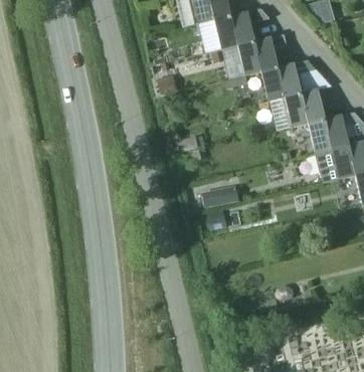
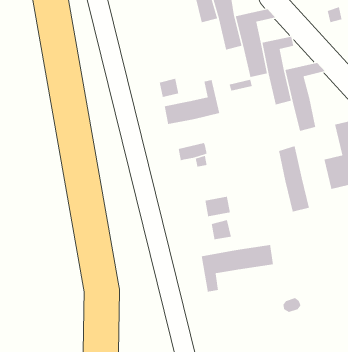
building: none -> [164,79,220,125]
building: [301,87,331,152] -> [278,145,310,213]
building: none -> [201,244,274,293]

